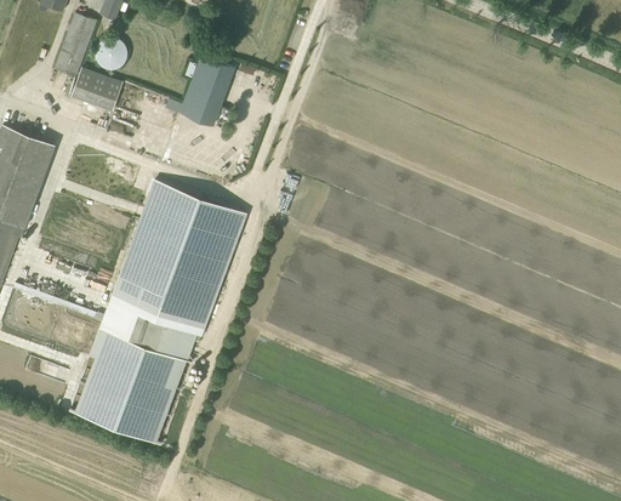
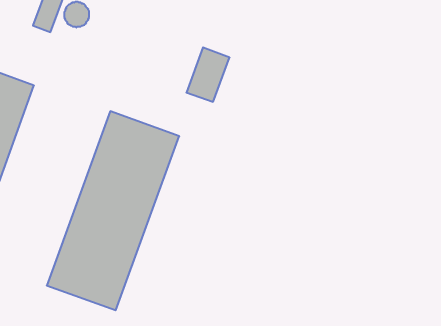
building: [177,53,234,125] -> [186,47,230,102]
building: [70,68,121,110] -> none

